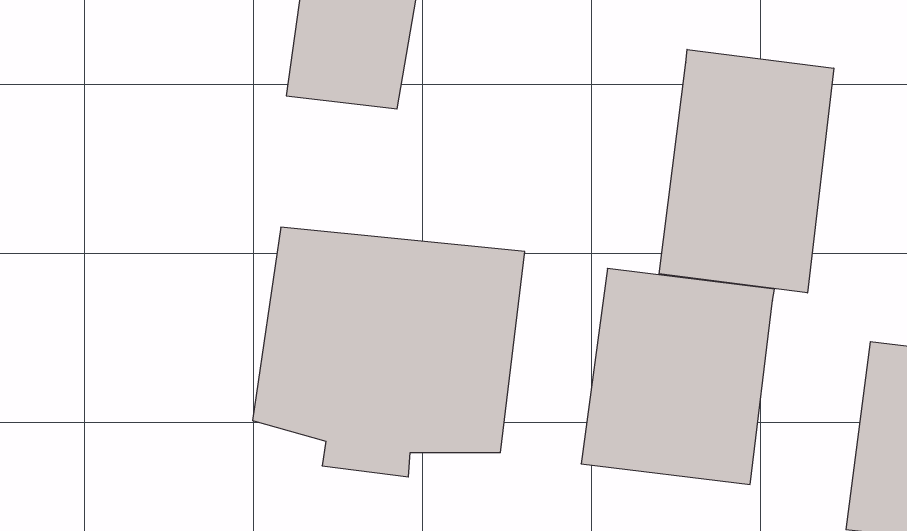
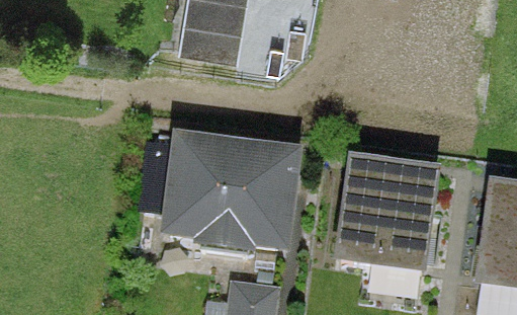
building: [659,49,834,293] -> none

